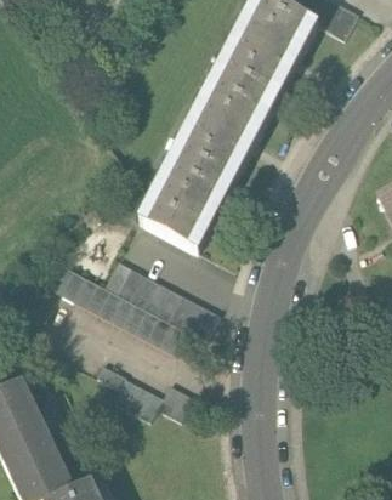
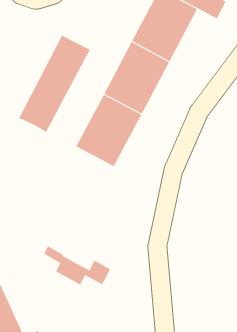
building: none -> [18,35,90,133]
building: [46,260,218,357] -> none

